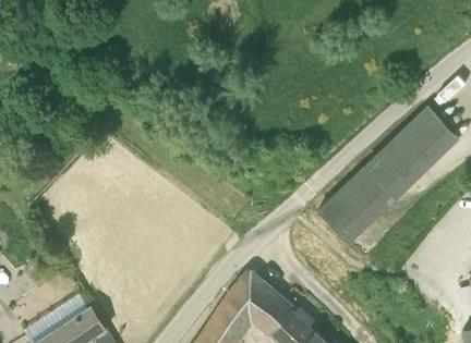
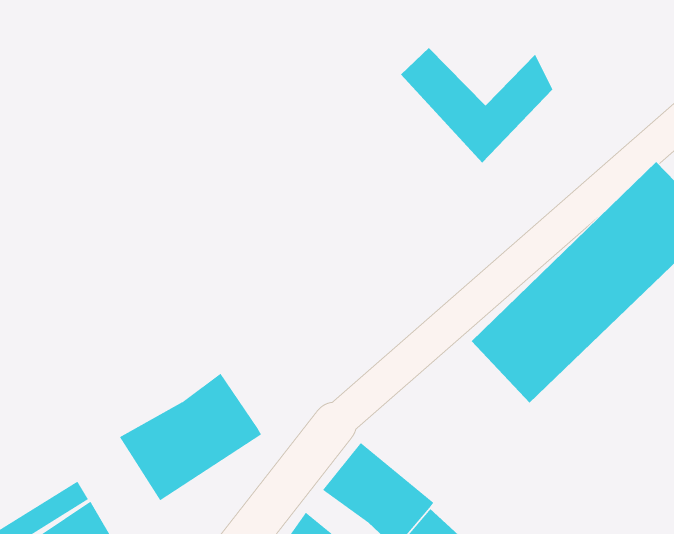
building: none -> [400,47,553,163]
building: none -> [119,373,262,501]

